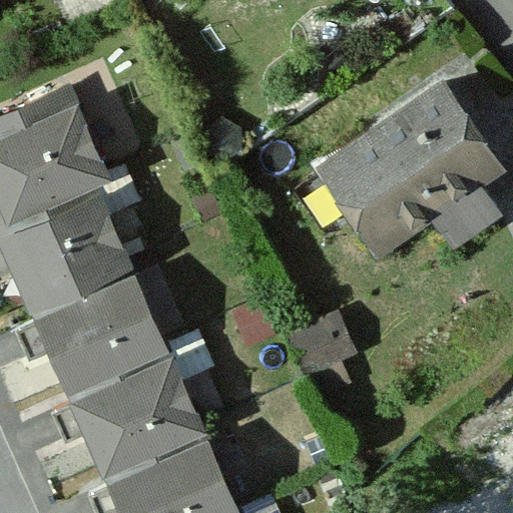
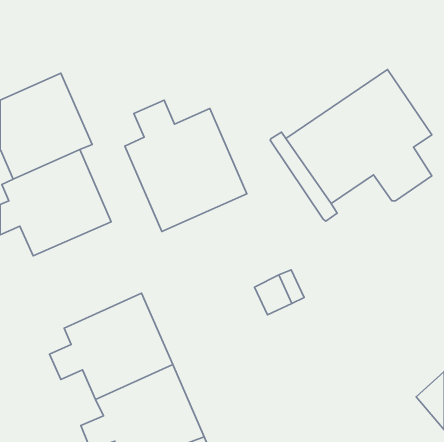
building: none -> [125,100,247,232]
building: [20,259,163,381] -> none

